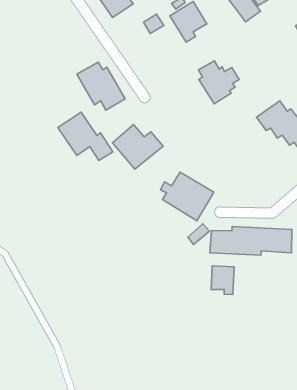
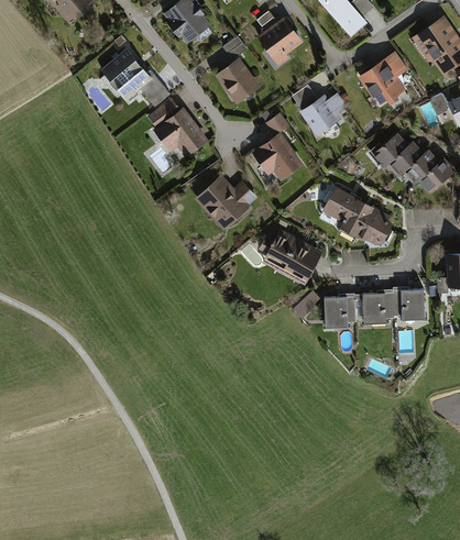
building: none -> [216,57,260,102]
building: none -> [359,51,409,108]
building: none -> [250,113,302,178]
building: [58,112,113,161] -> [99,48,168,107]
building: none -> [326,188,392,242]
building: [211,266,234,294] -> none

